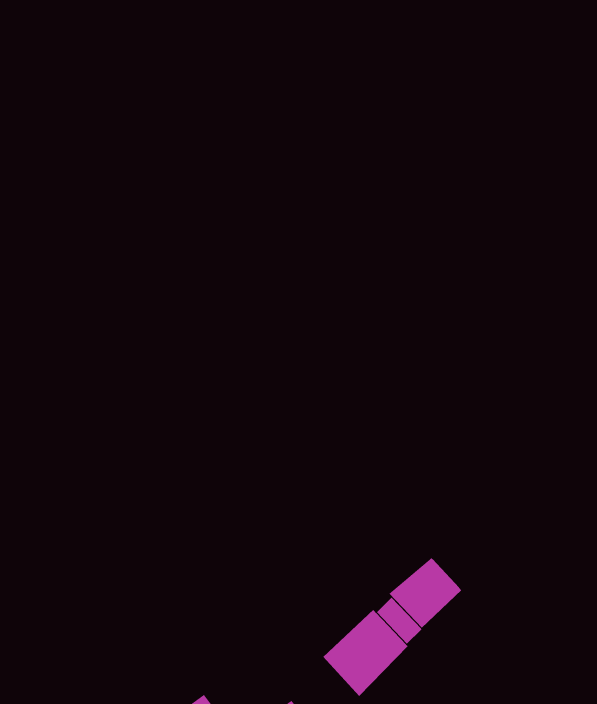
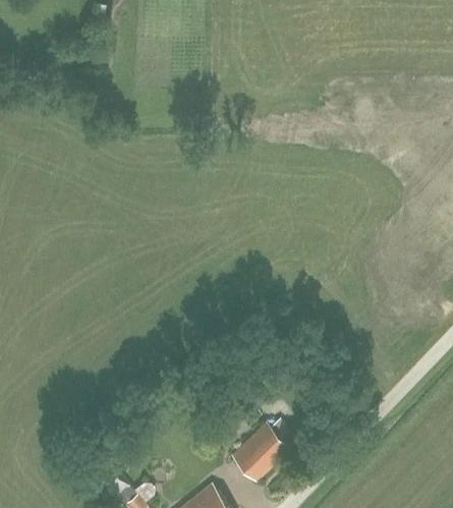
building: [388,557,462,628] -> none

